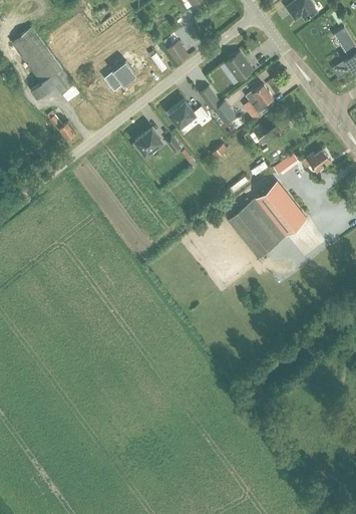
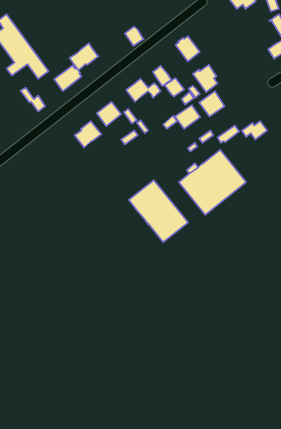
building: none -> [54,65,82,91]
building: none -> [175,105,200,129]
building: none -> [74,121,101,147]
building: none -> [129,180,188,242]

